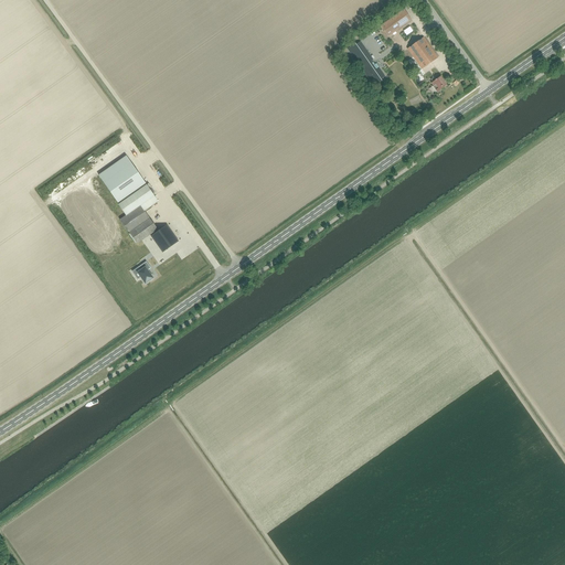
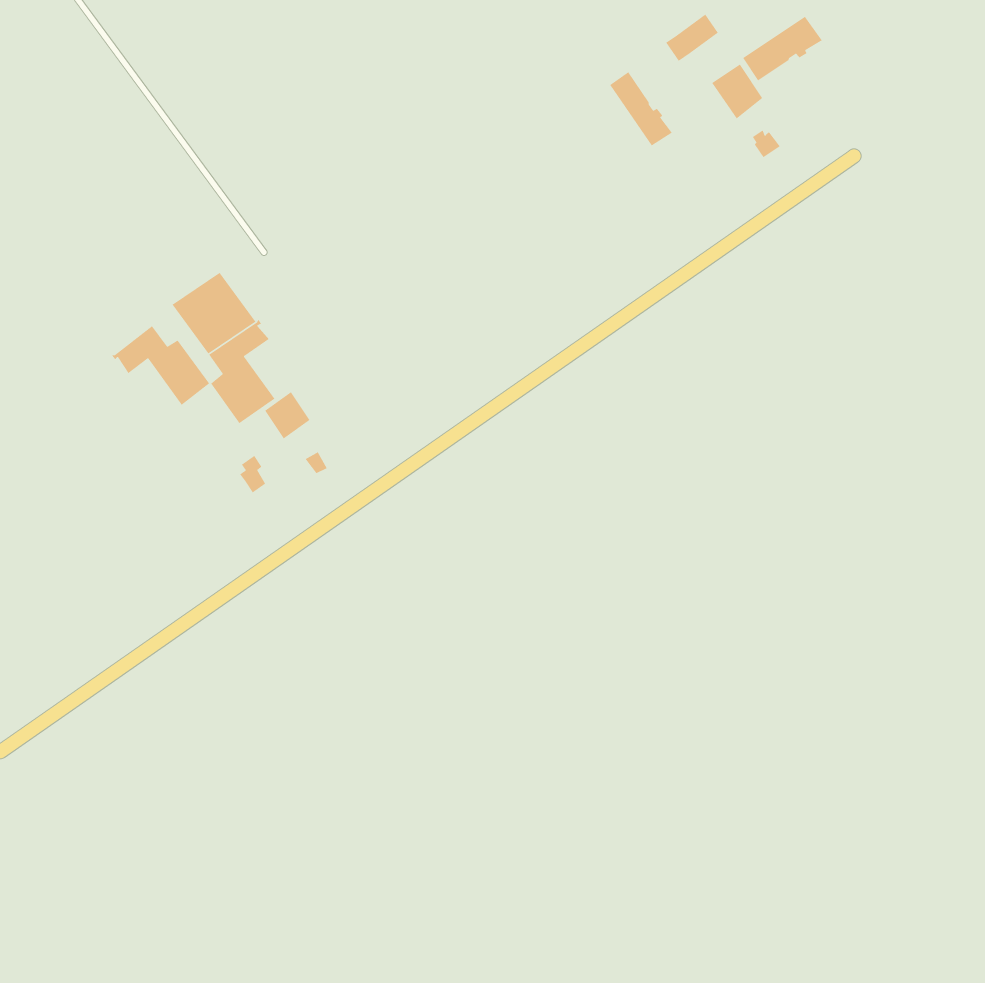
building: none -> [742,16,823,81]
building: none -> [111,325,210,406]

